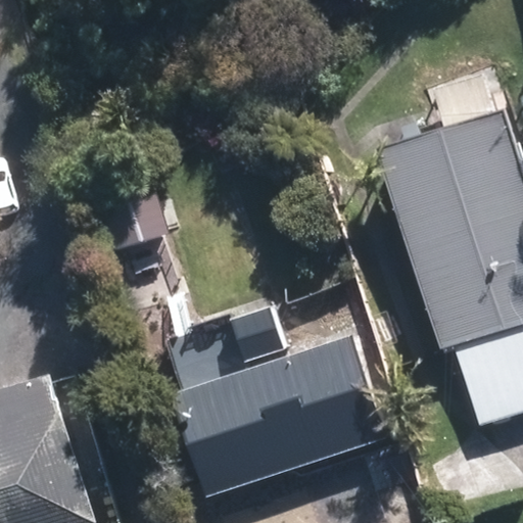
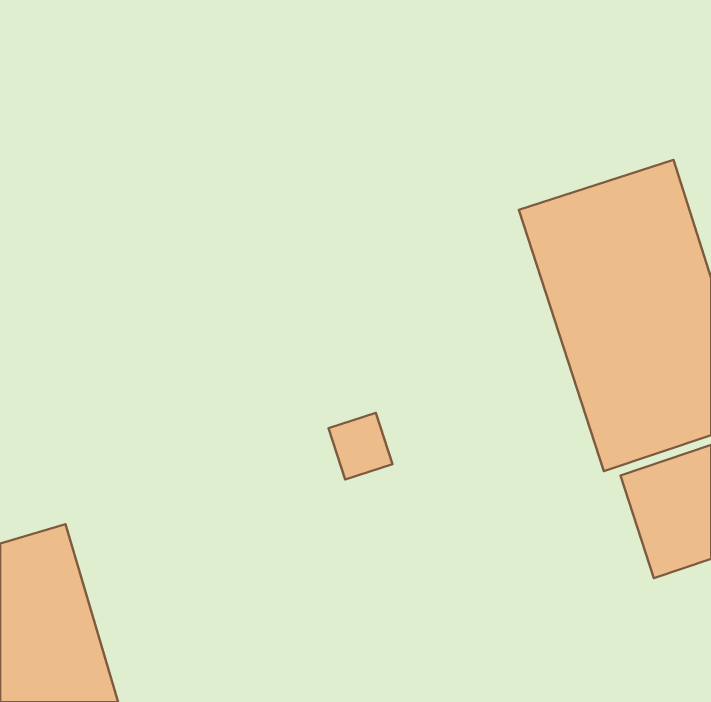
building: [188,345,379,485] -> none

